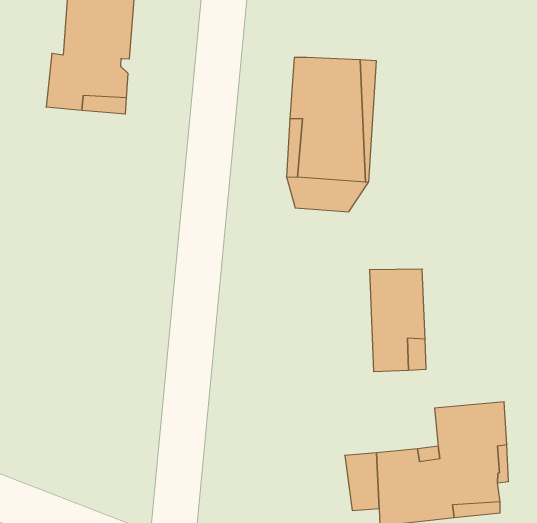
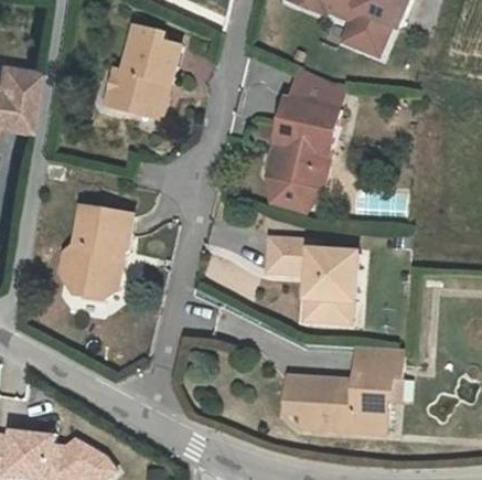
building: none -> [290,65,342,104]
building: none -> [63,206,132,297]
building: none -> [268,235,313,318]

